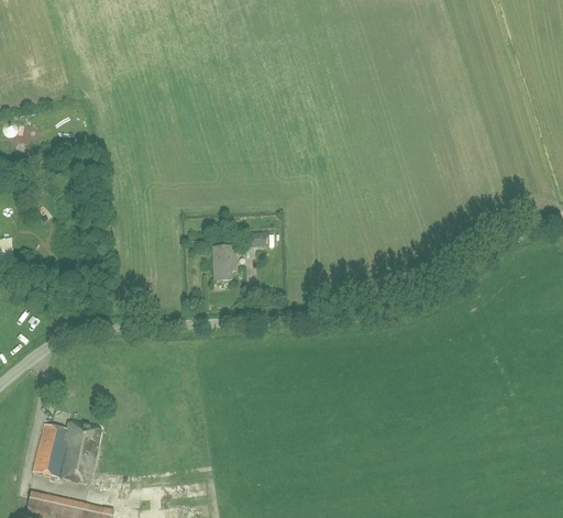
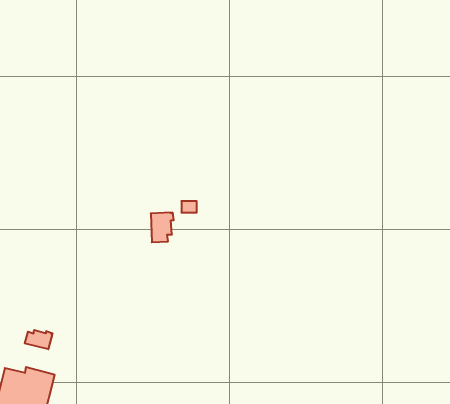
building: none -> [25,330,53,349]

